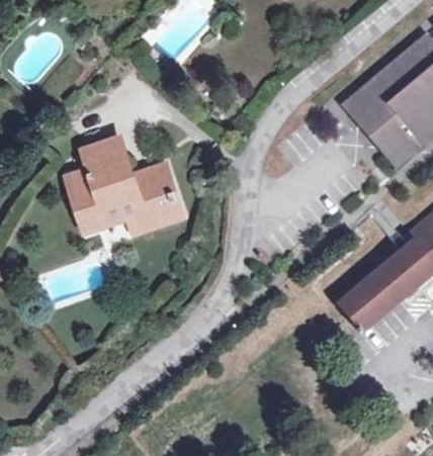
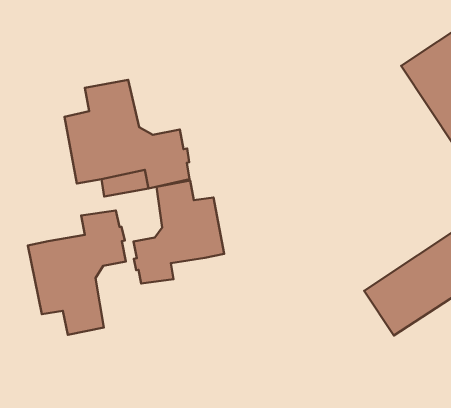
building: none -> [134,180,224,284]
building: none -> [28,210,126,335]

